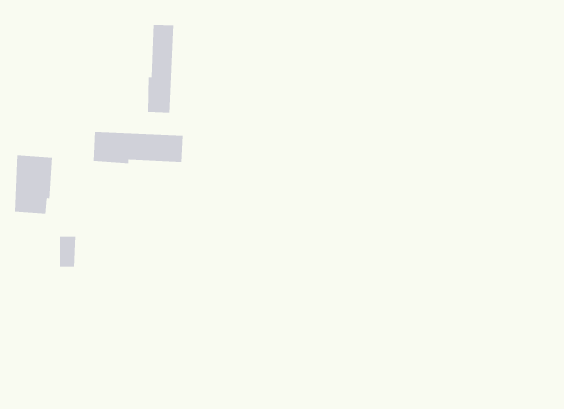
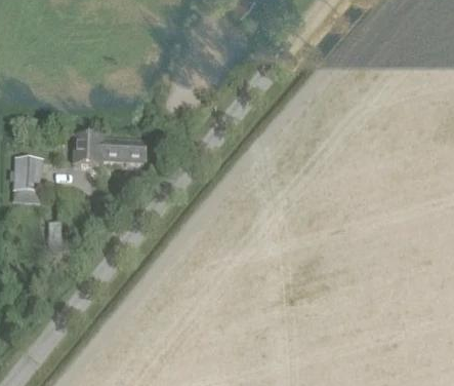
building: [147,24,174,114] -> none

